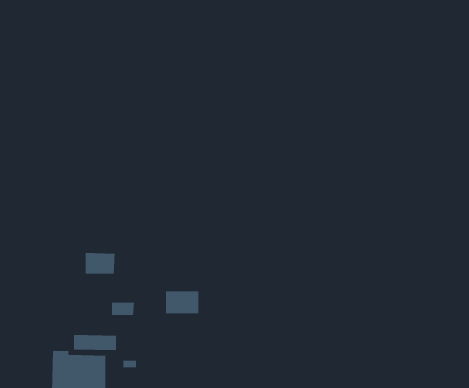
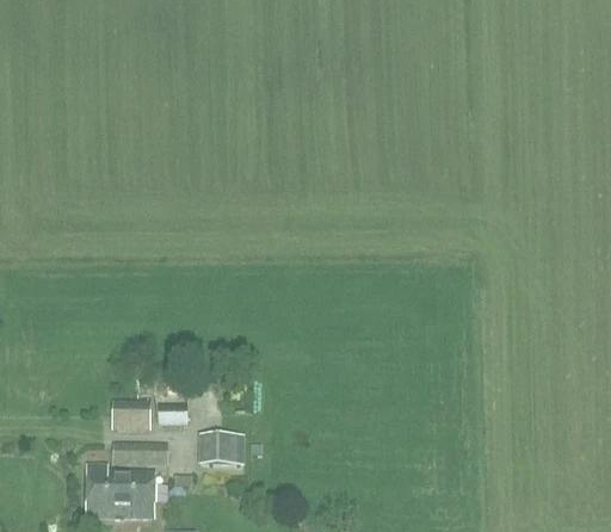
building: [85,252,115,274] -> [112,401,150,428]
building: [165,291,199,314] -> [199,434,242,463]

